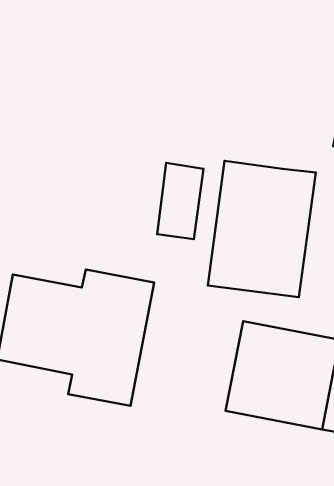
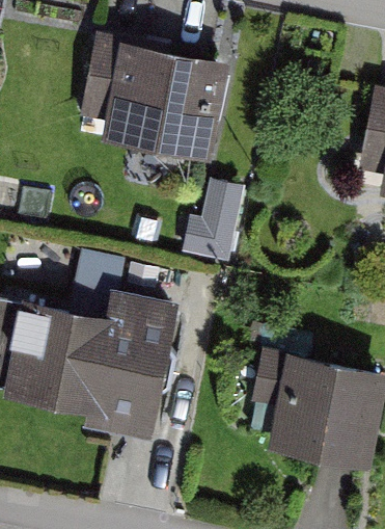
building: none -> [73,35,220,160]
building: [208,161,316,297] -> none

